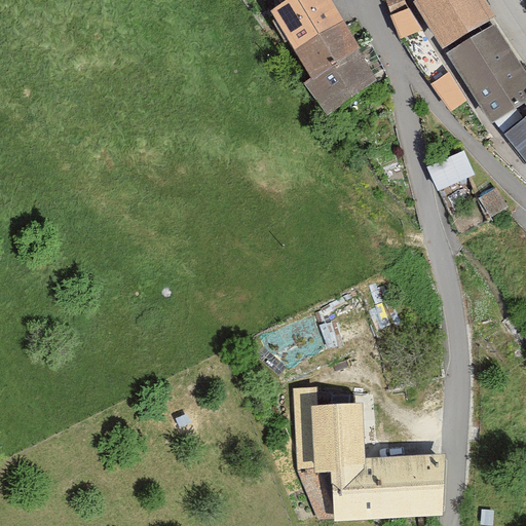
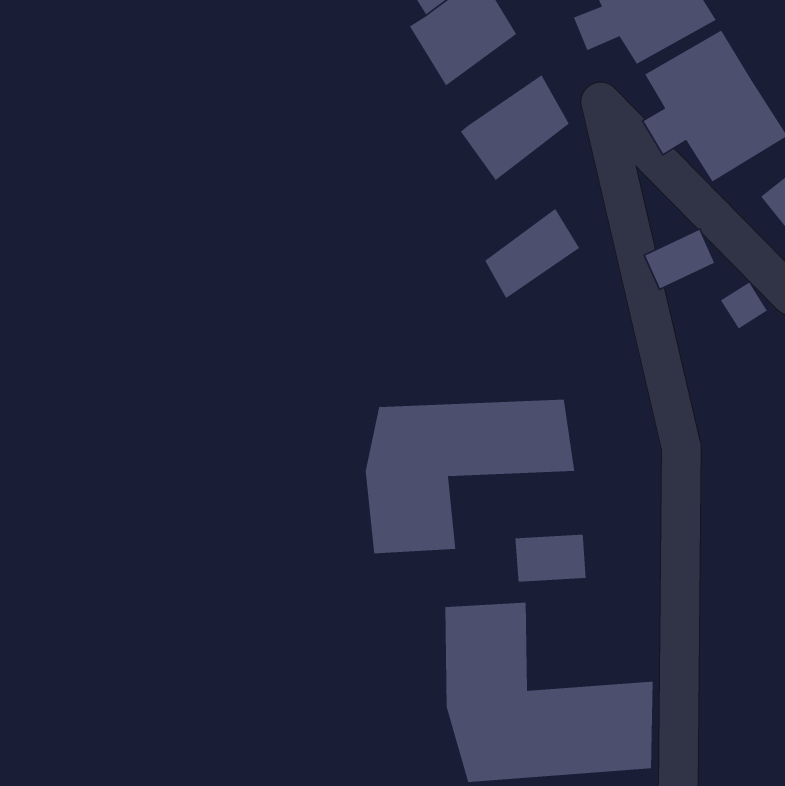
building: [300,23,364,83] -> [484,208,580,299]
building: none -> [365,399,575,554]
building: none -> [515,534,587,582]

